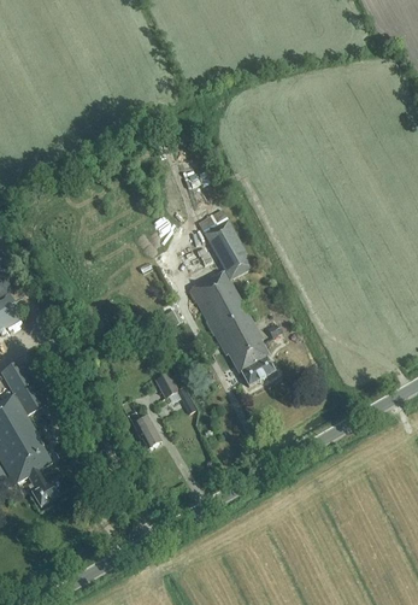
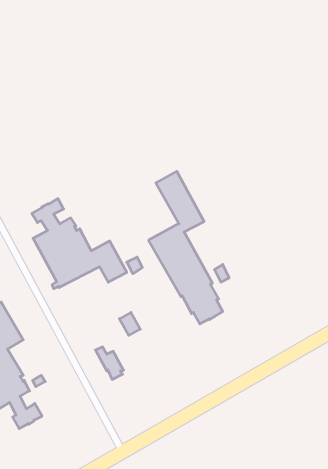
building: none -> [32,199,127,289]

